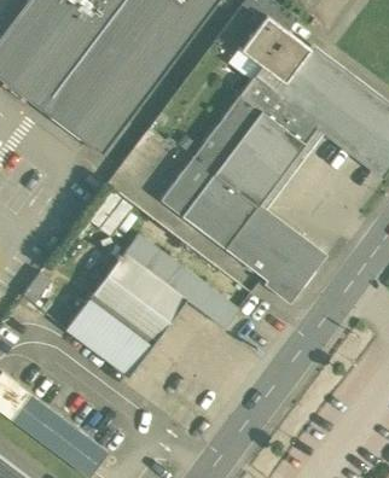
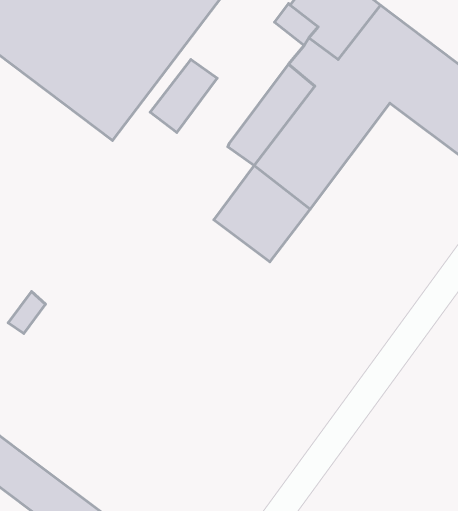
building: [161,159,213,216] -> [150,59,217,133]
building: [225,208,320,297] -> none
building: [65,234,238,377] -> none

